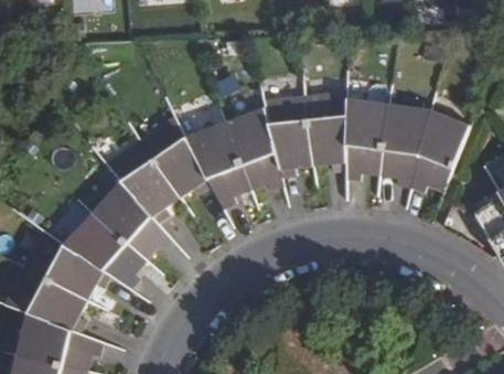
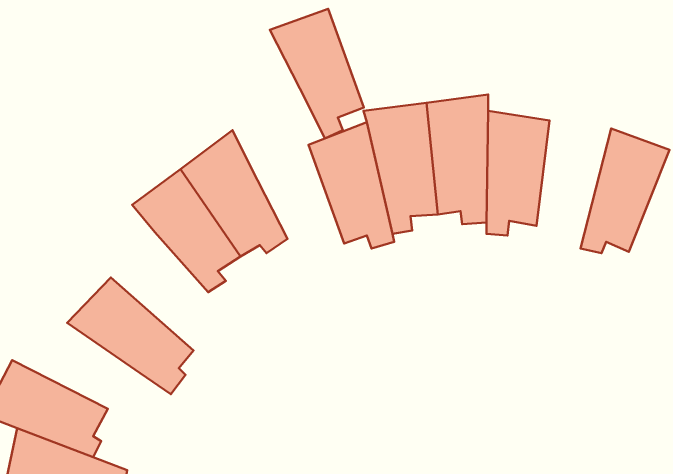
building: [379,104,430,191] -> none
building: [184,120,248,209] -> [270,9,364,138]
building: [89,180,172,260] -> none
building: [22,231,109,300] -> none

